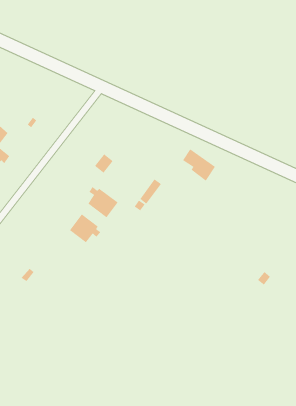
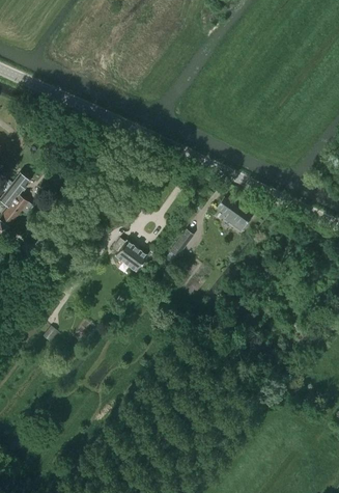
building: [69,214,101,243] -> none

